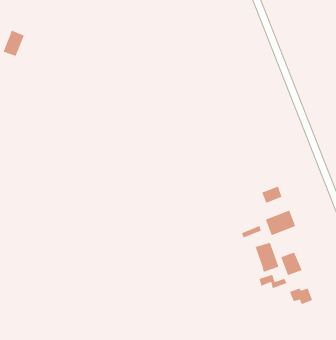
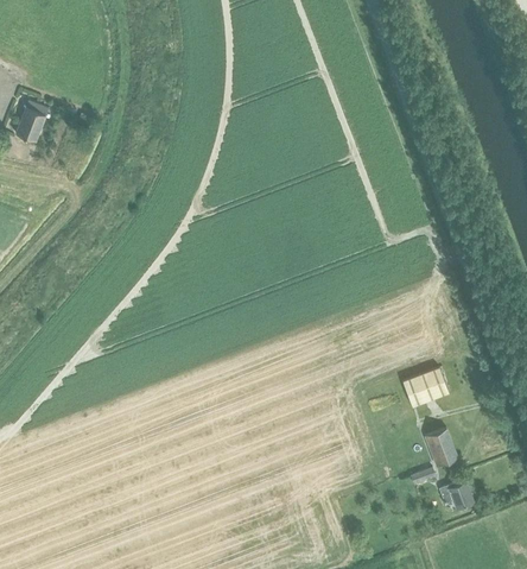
building: [261,185,282,204] -> none
building: [255,242,279,273] -> none

